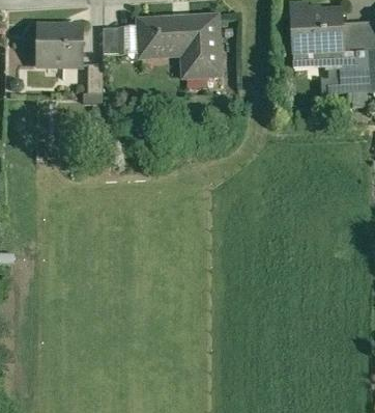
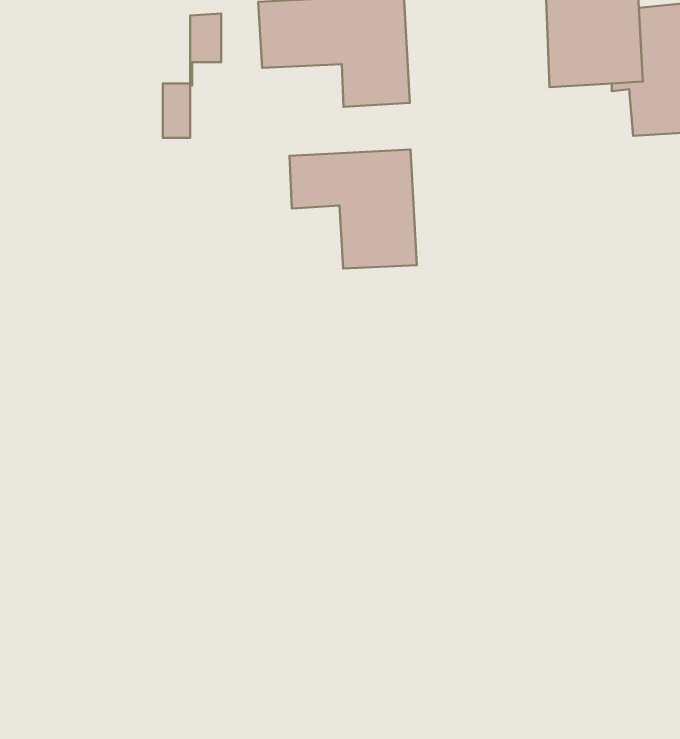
building: [37,25,83,63] -> none
building: none -> [289,149,417,269]

